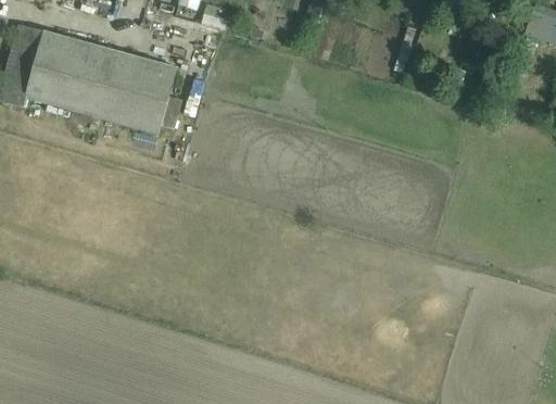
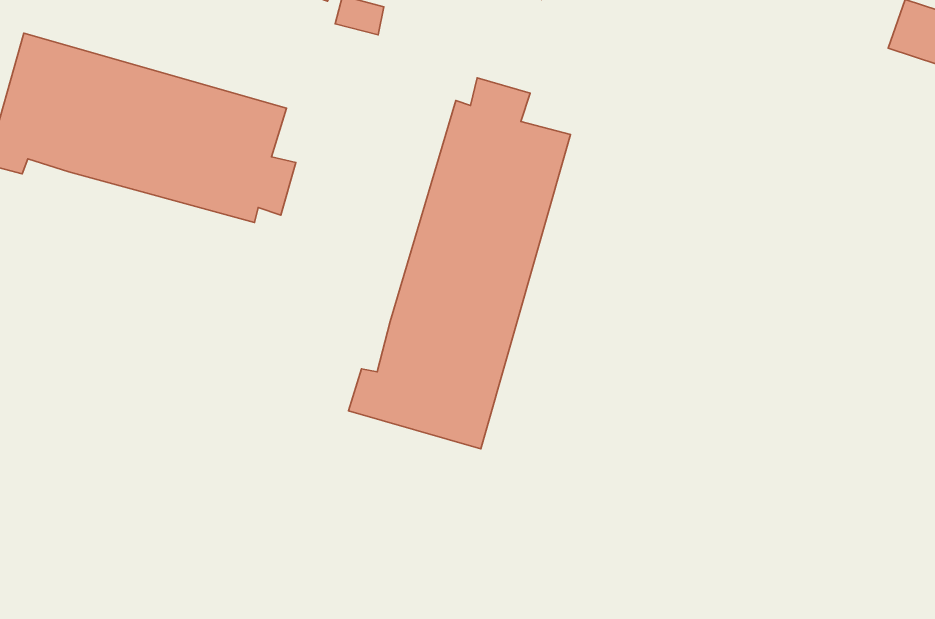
building: none -> [349,78,570,449]

